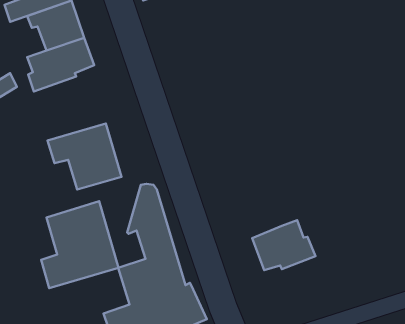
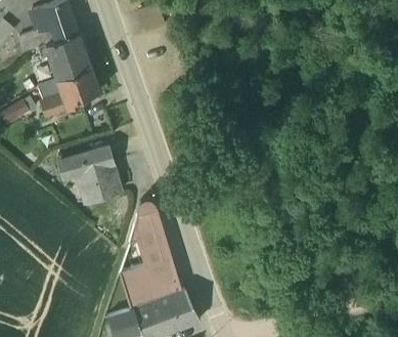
building: [41,201,118,288] -> none
building: [252,220,315,270] -> none

